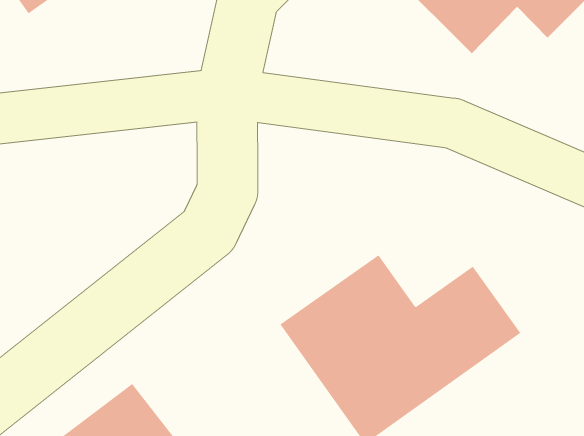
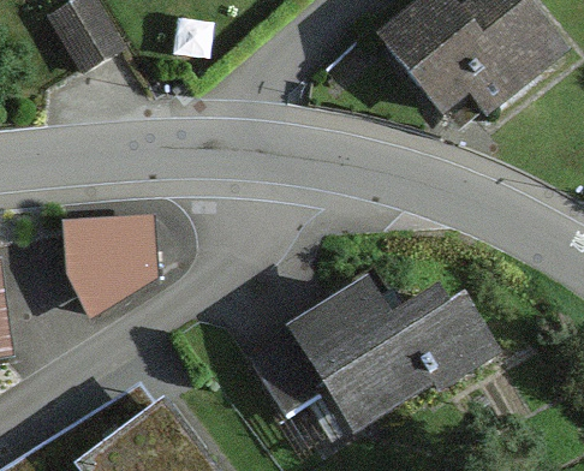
building: none -> [60,215,160,324]

